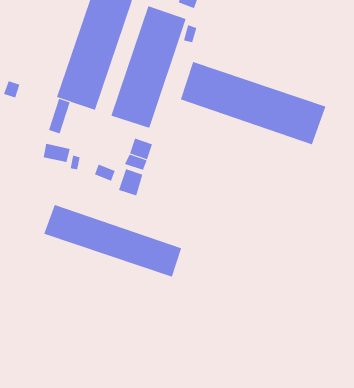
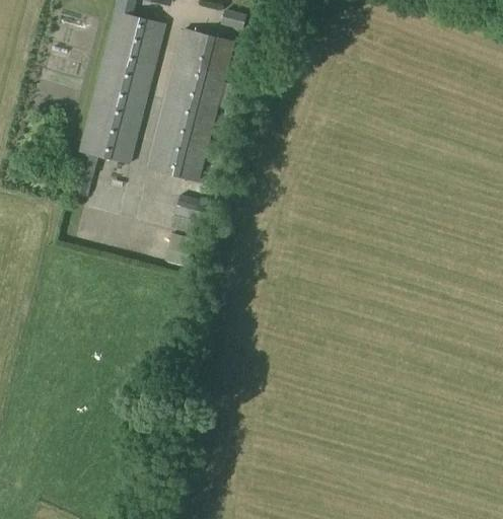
building: [180,61,326,145] -> none
building: [44,204,182,278] -> none

